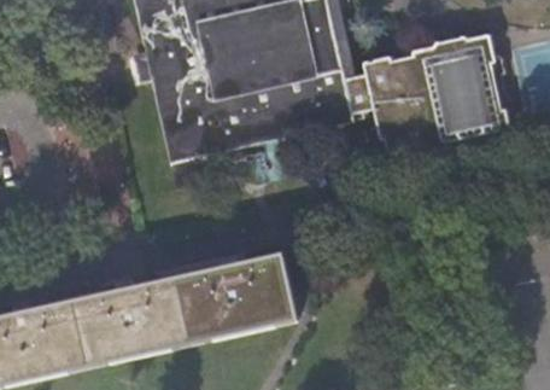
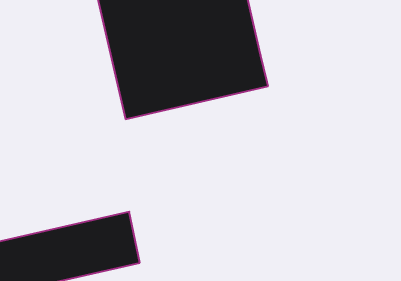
building: [345,35,504,157] -> none
building: [177,254,296,343] -> none

